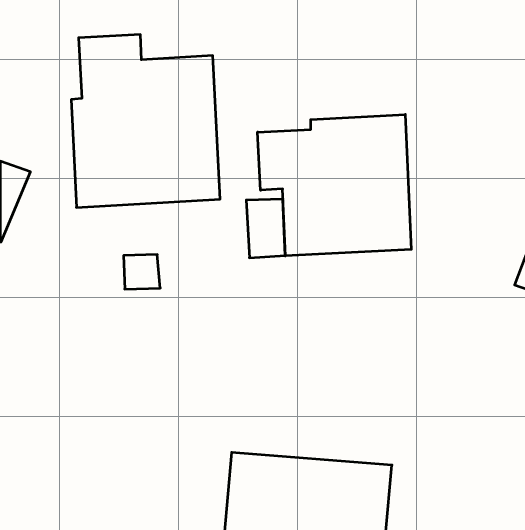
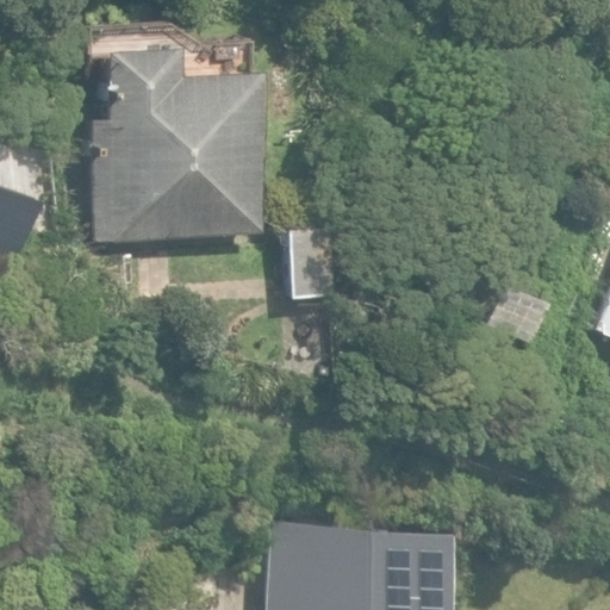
building: [258,114,411,256] -> none

